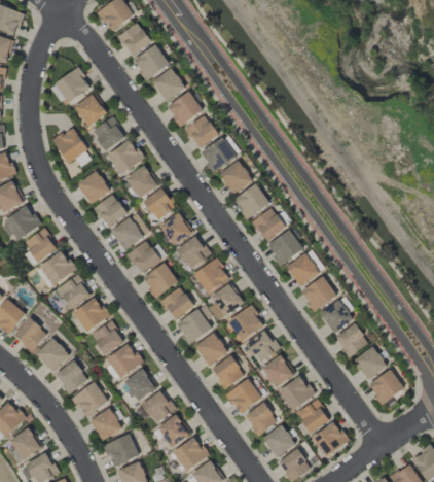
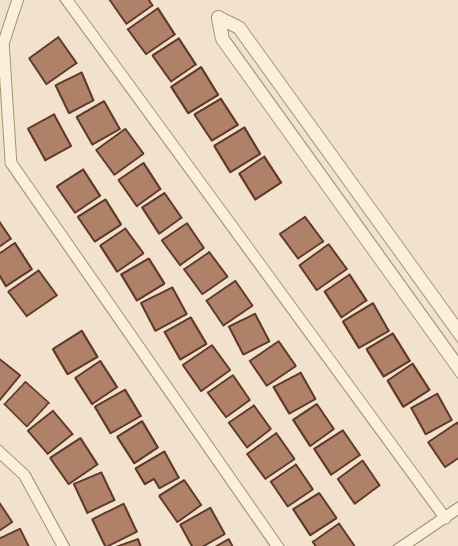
building: [234,183,270,219] -> none
building: [58,275,92,309] -> none
building: [313,421,349,457] -> none

